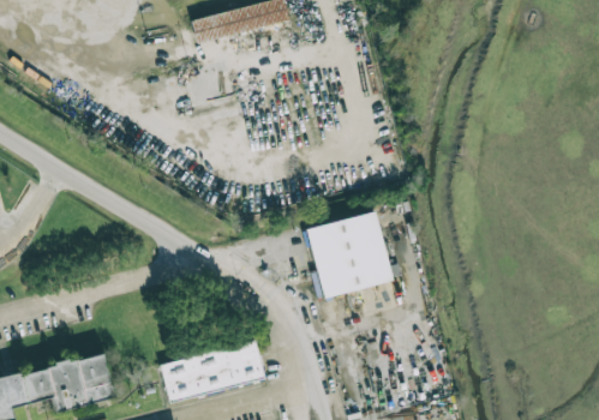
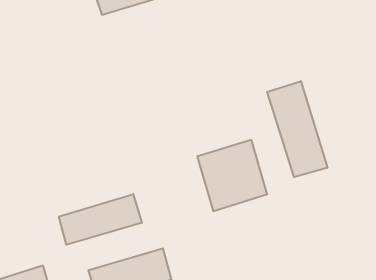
building: none -> [267,81,327,177]
building: none -> [59,194,142,245]

